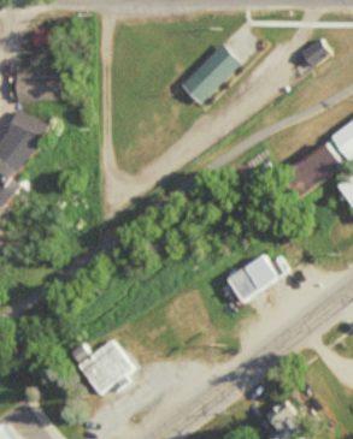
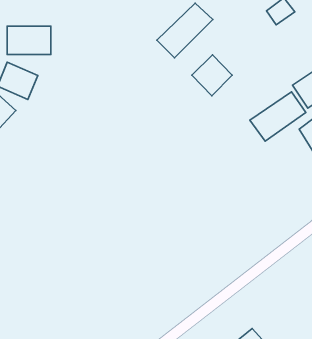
building: none -> [192,55,232,96]
building: [225,254,277,301] -> none
building: [77,338,137,398] -> none

